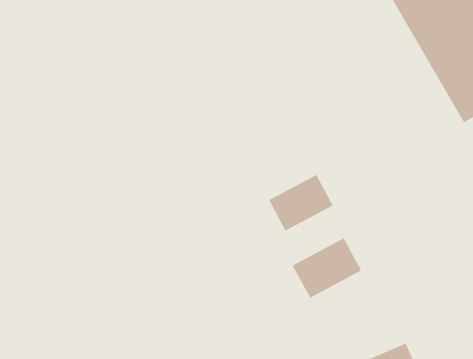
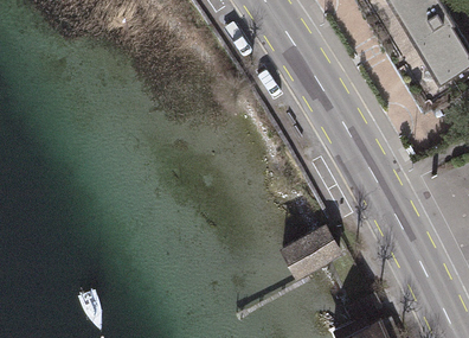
building: [268,174,333,231] -> none

